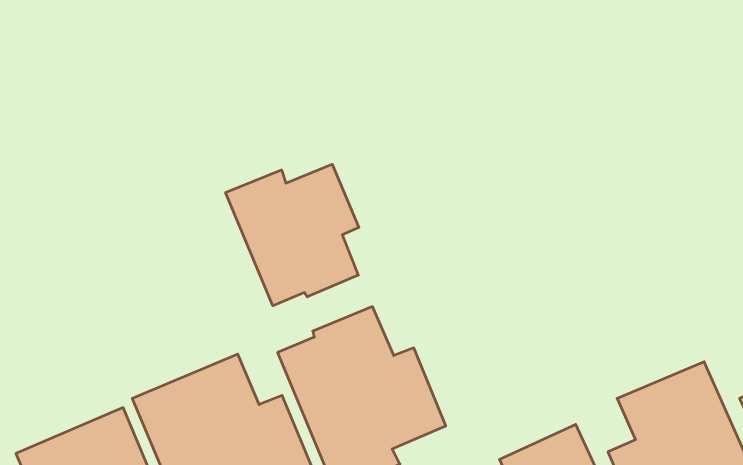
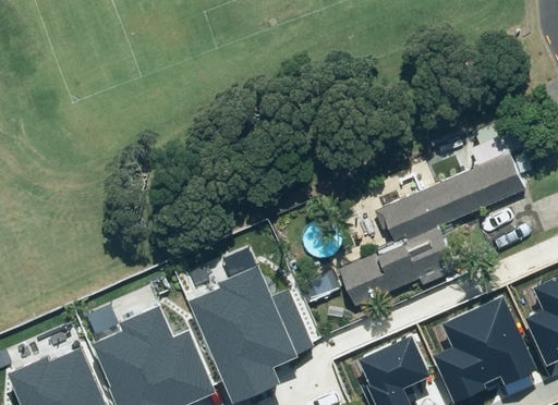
building: none -> [338,137,524,307]
building: [226,164,359,306] -> none

